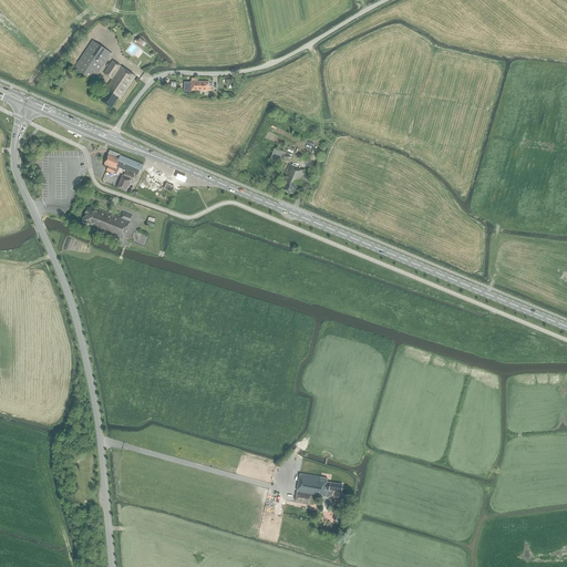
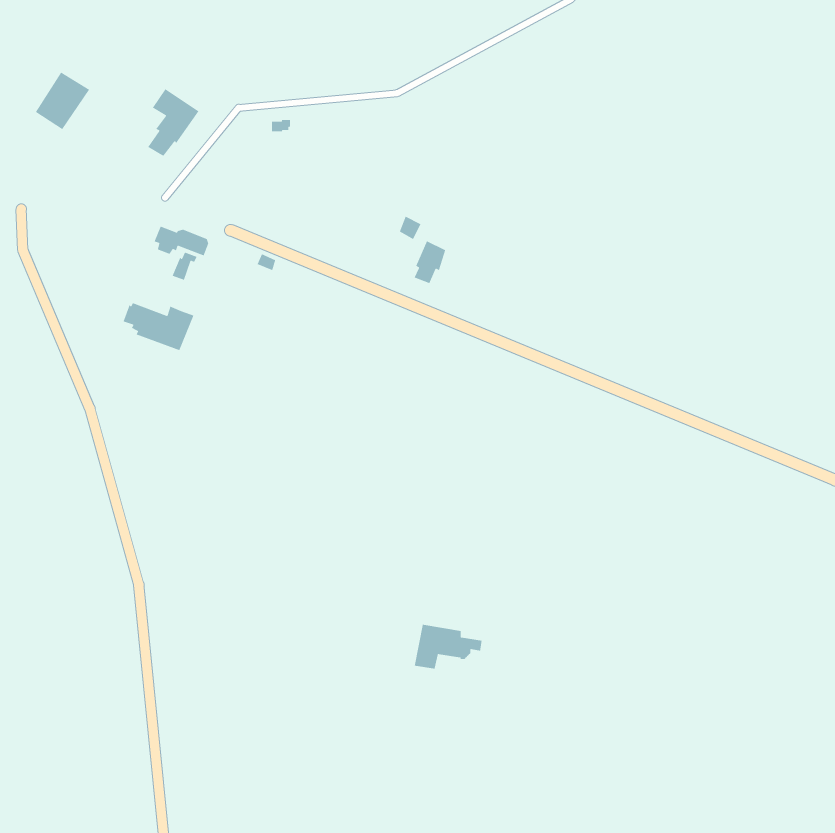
building: [74,40,112,80] -> [35,71,90,130]
building: [295,472,341,503] -> [414,624,483,670]

